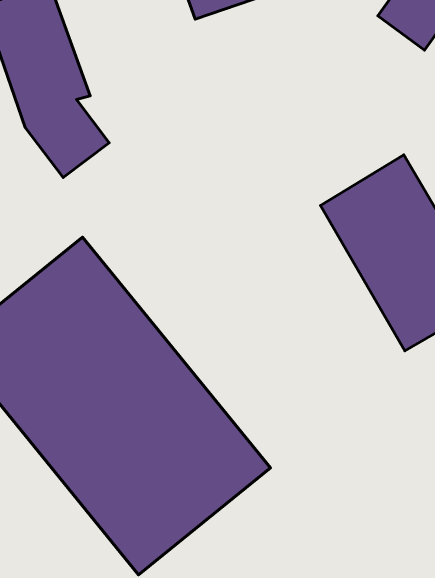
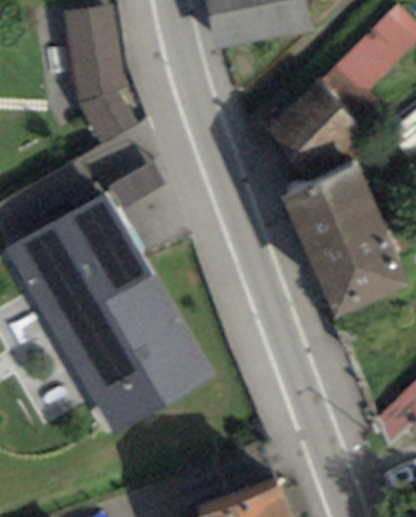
building: none -> [265,76,361,171]

